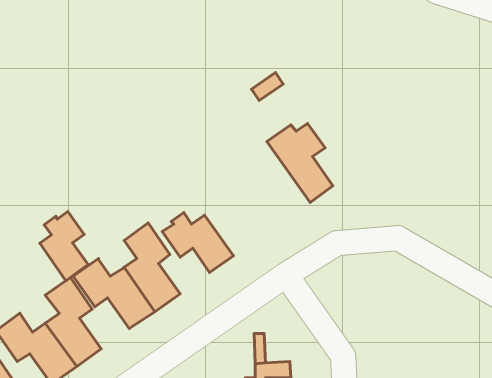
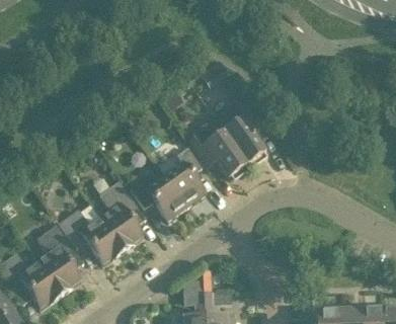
building: none -> [189,115,248,177]
building: none -> [164,147,207,207]
building: [40,211,88,281] -> none

